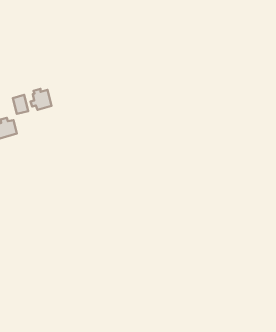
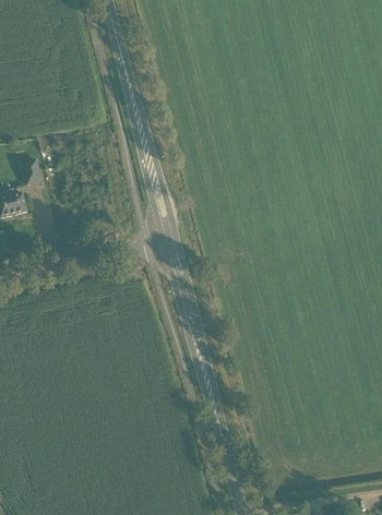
building: [31,89,51,110] -> none

